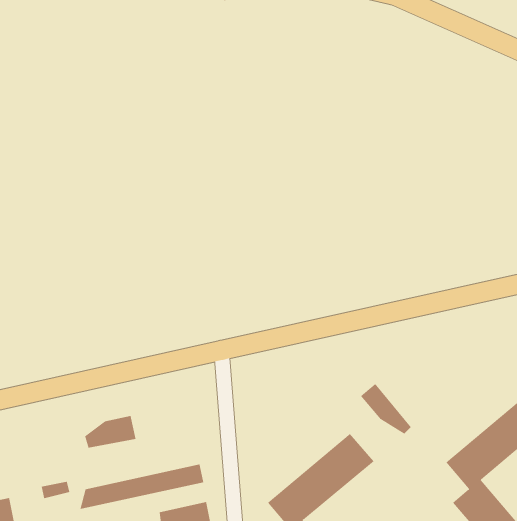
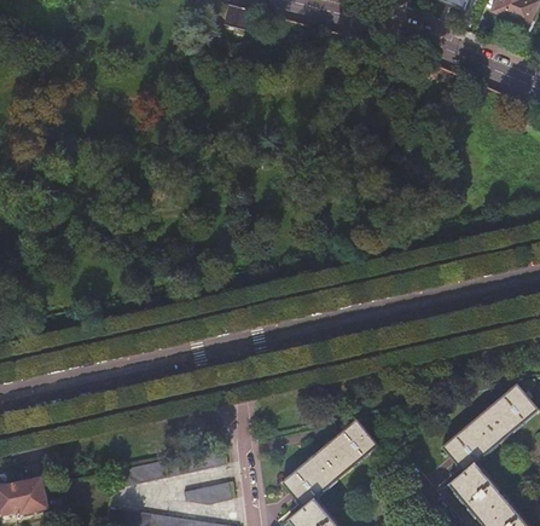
building: [360,383,412,435] -> none
building: [85,415,136,448] -> none

